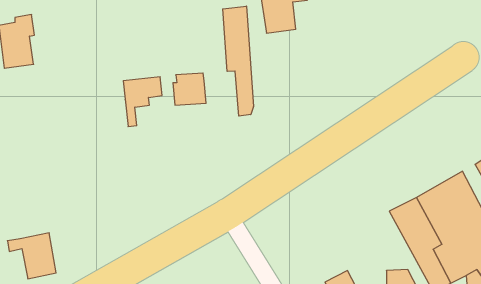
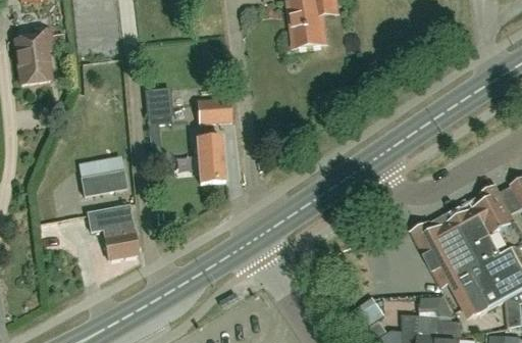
building: [223,6,253,116] -> none
building: none -> [196,136,224,181]
building: none -> [80,167,127,195]
building: [7,233,56,279] -> [87,209,138,257]

